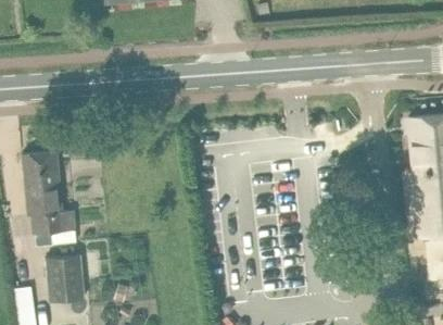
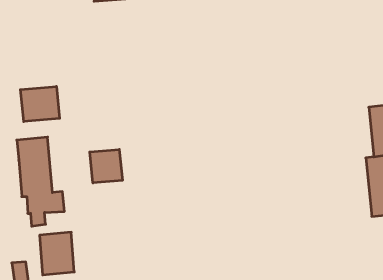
building: none -> [20,86,60,122]
building: none -> [90,149,122,183]

